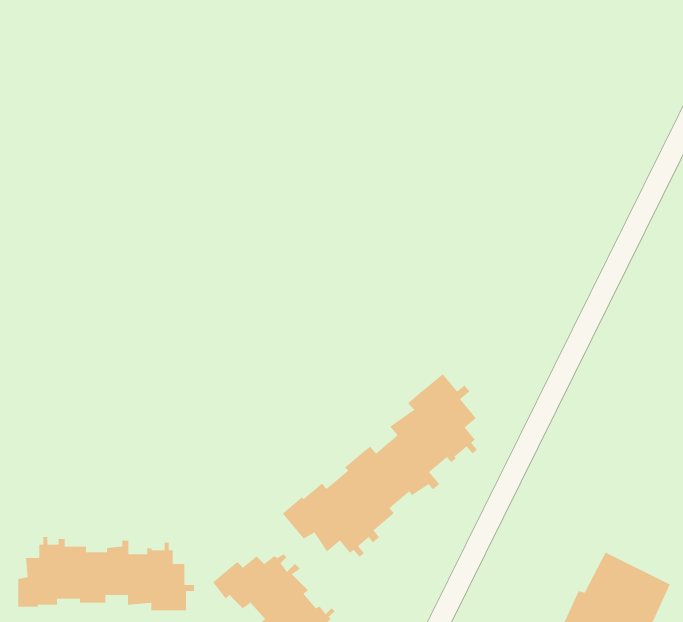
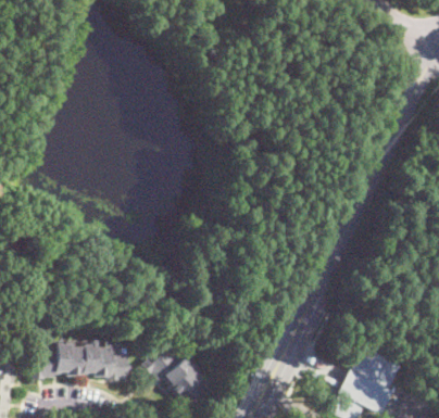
building: [282,373,478,558] -> none

